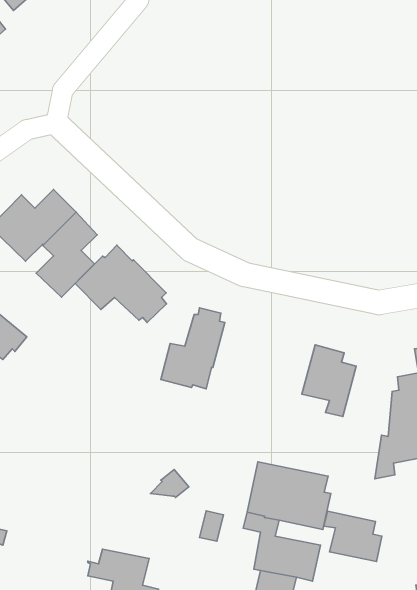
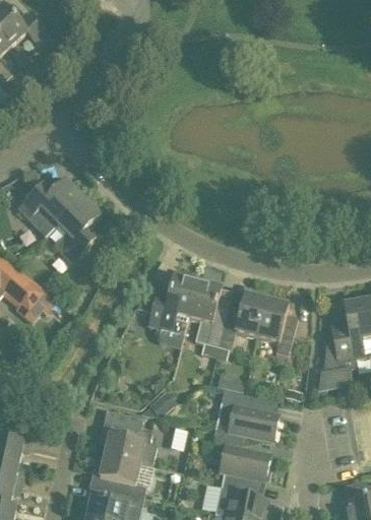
building: [75,245,166,323] -> none
building: none -> [188,282,268,359]
building: none -> [98,427,157,466]
building: [324,511,382,562] -> none

